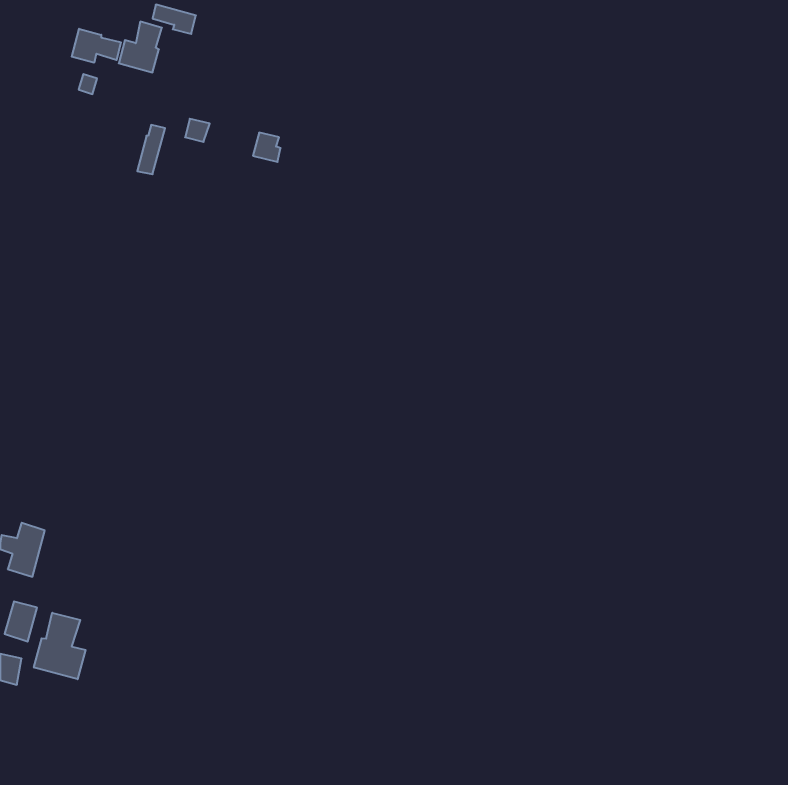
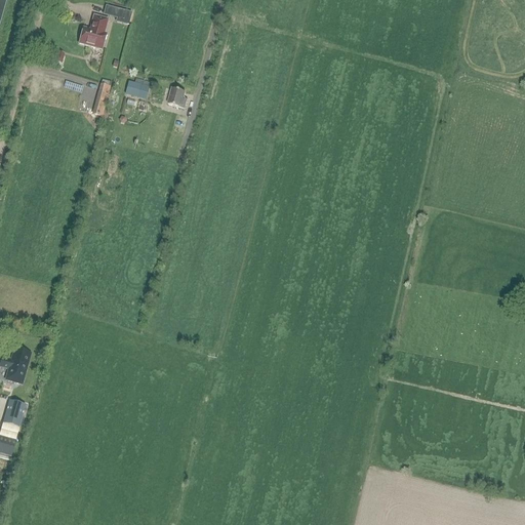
building: [72,29,121,63] -> none
building: [34,613,86,679] -> none

